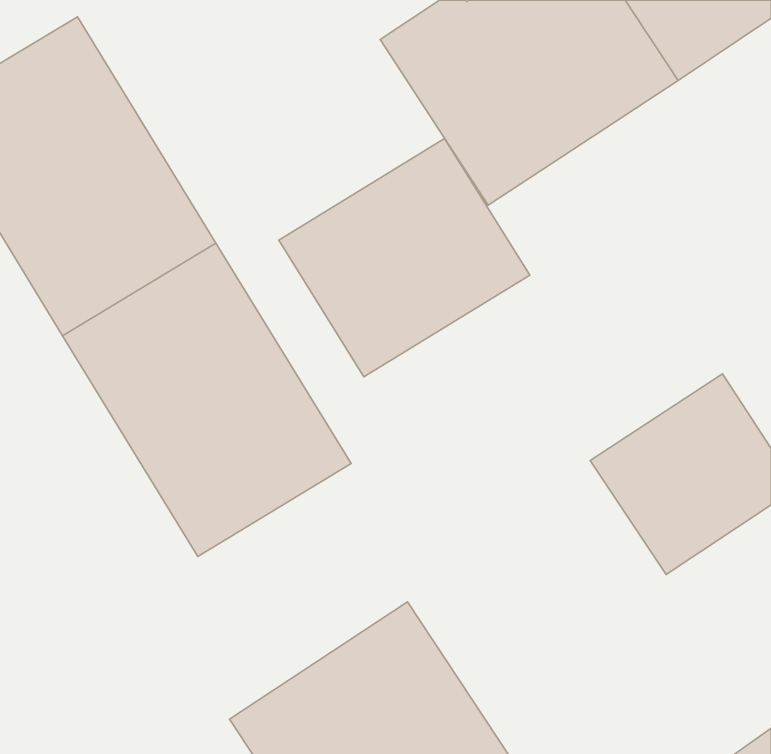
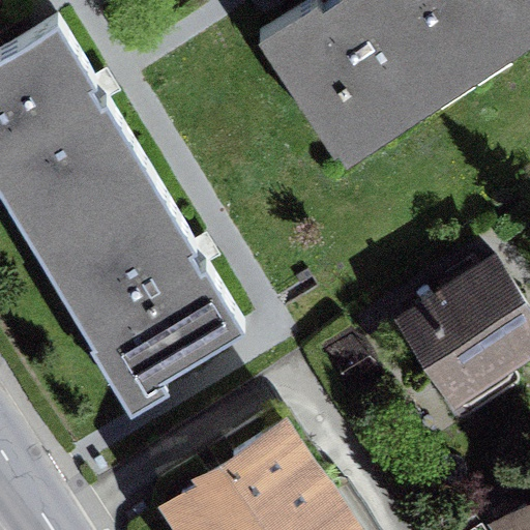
building: [279,138,530,377] -> none

